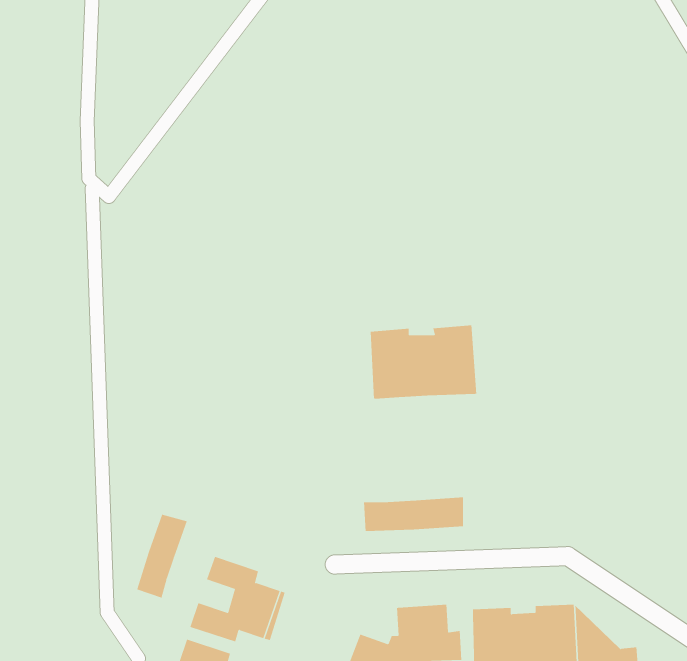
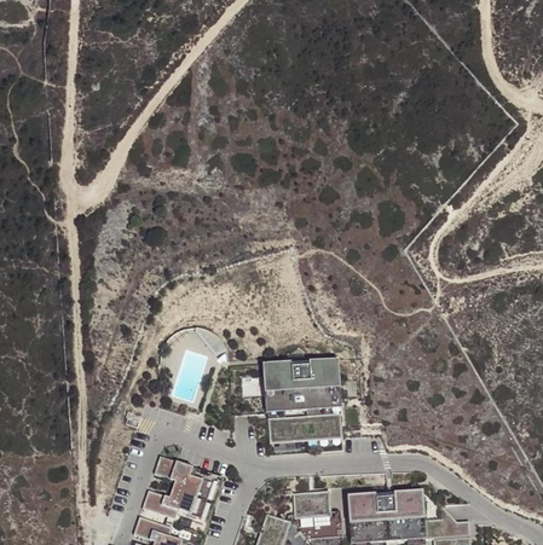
building: [370,325,477,399] -> [265,359,343,413]
building: [136,514,188,598] -> none

